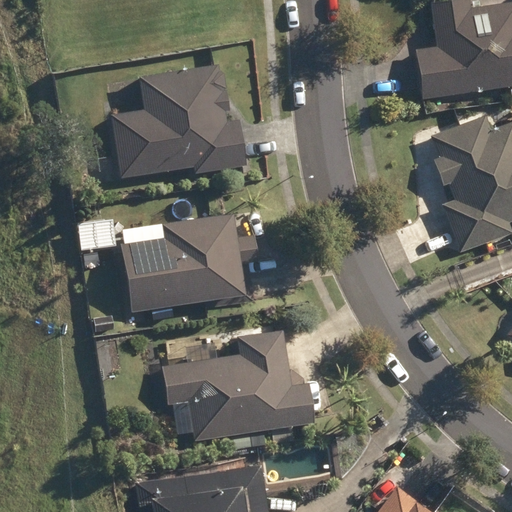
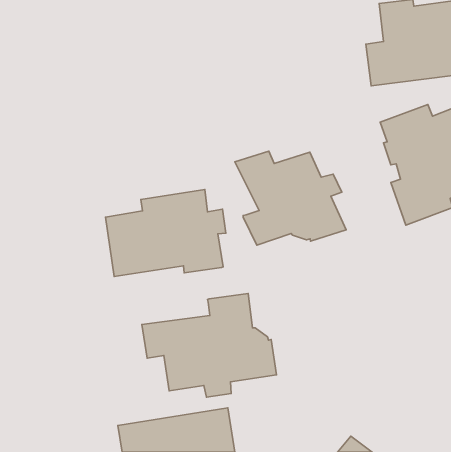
building: [109,64,245,177] -> none
building: none -> [235,151,346,245]

